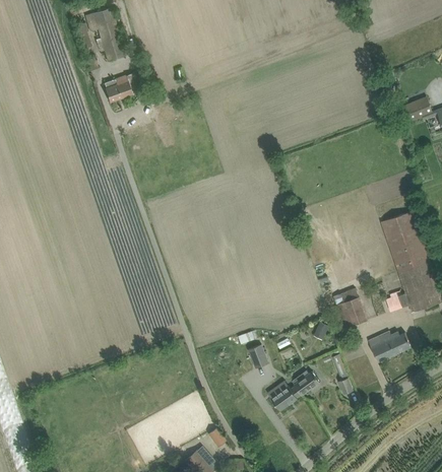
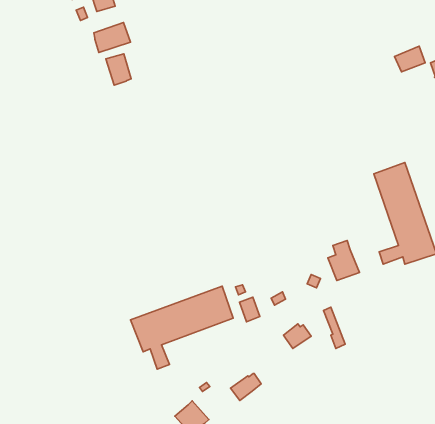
building: none -> [106,54,131,85]
building: [368,331,411,362] -> none
building: none -> [131,286,233,369]
building: [270,385,301,411] -> [230,374,261,400]

